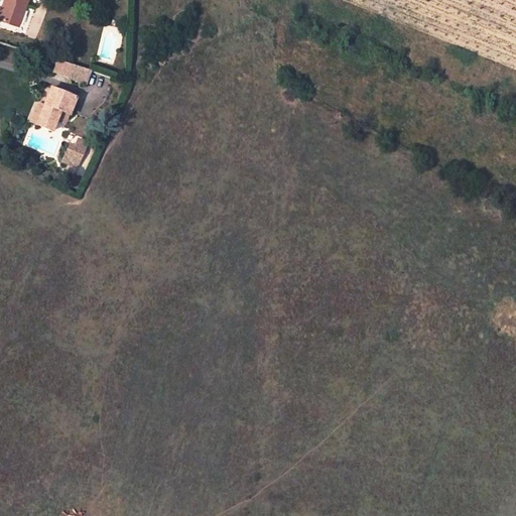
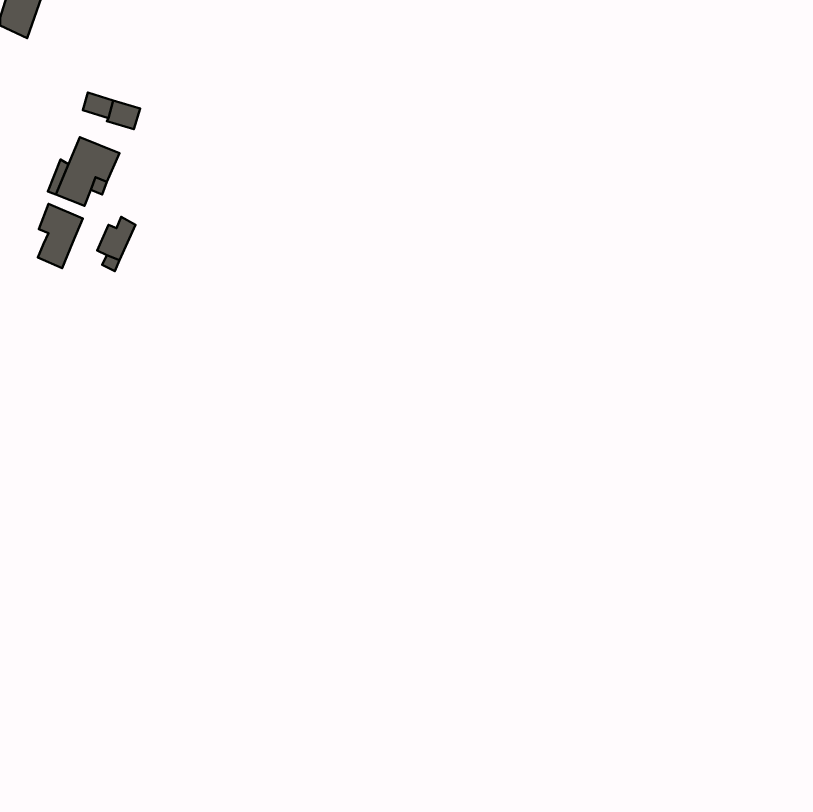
building: none -> [38,204,83,268]

